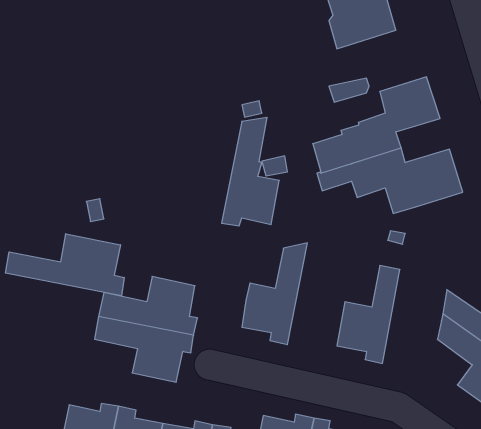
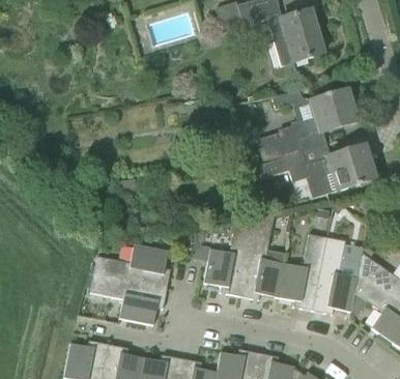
building: [222,117,279,226] -> [238,214,283,298]
building: [5,234,124,296] -> none
building: none -> [312,238,358,313]

